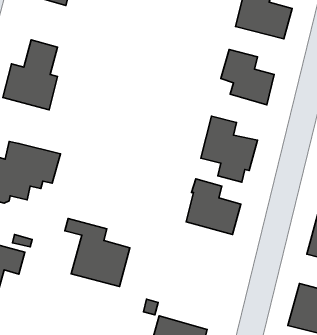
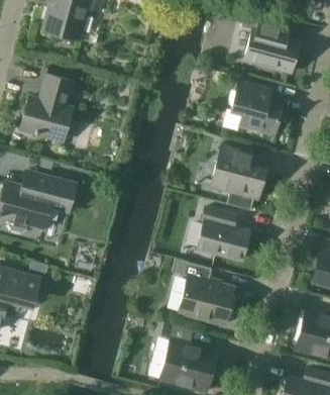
building: [65,218,130,286] -> [172,260,234,325]

